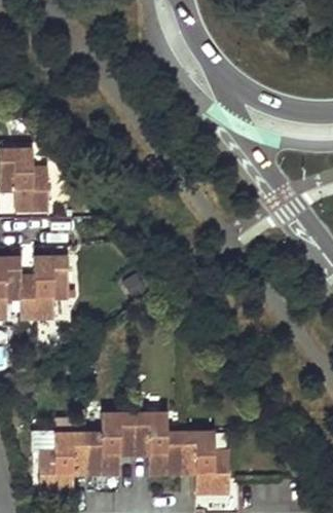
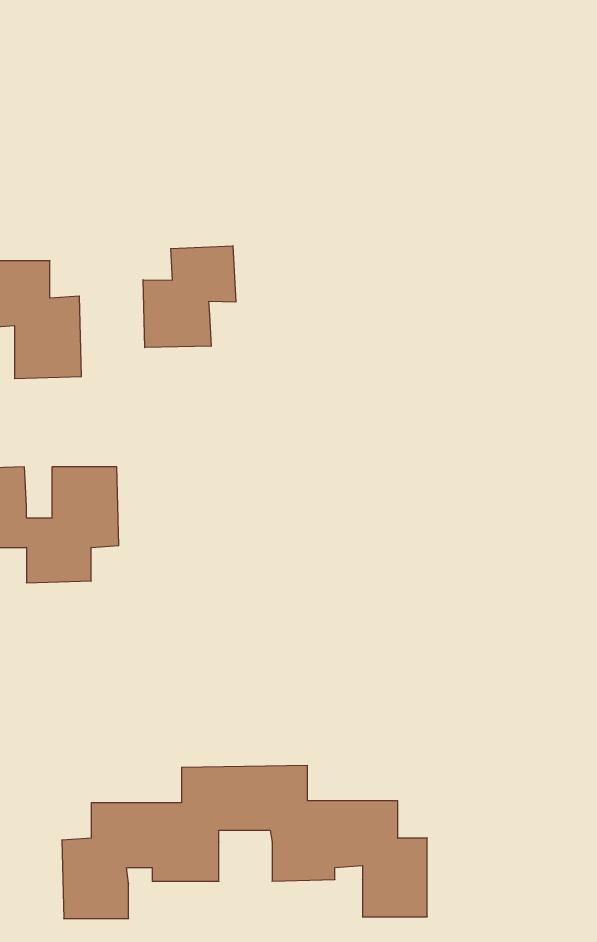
building: none -> [143,246,236,348]

